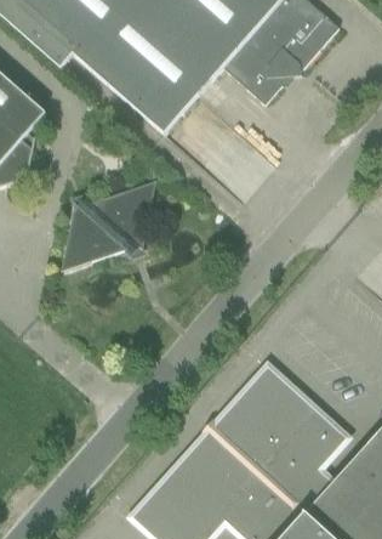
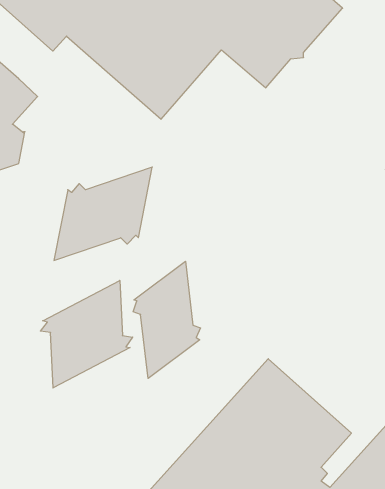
building: none -> [133,261,200,378]
building: none -> [40,280,133,388]

